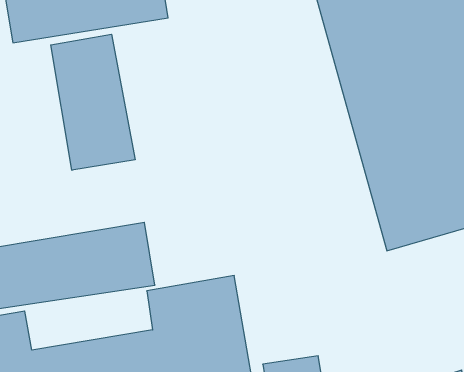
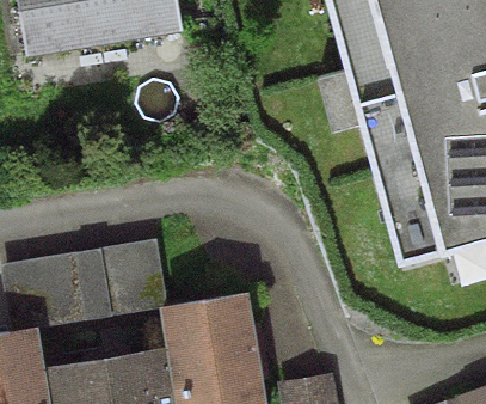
building: [51,34,135,170] -> none

